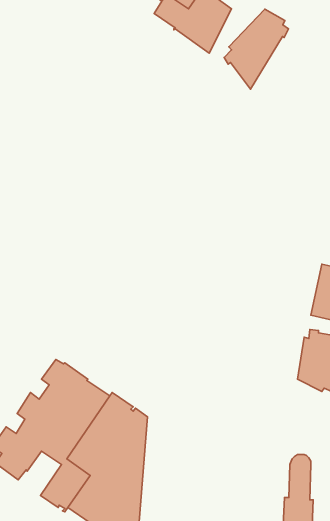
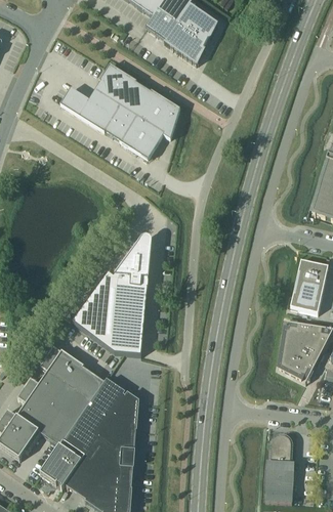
building: [224,9,289,89] -> none
building: none -> [61,66,178,157]
building: none -> [72,242,151,354]

